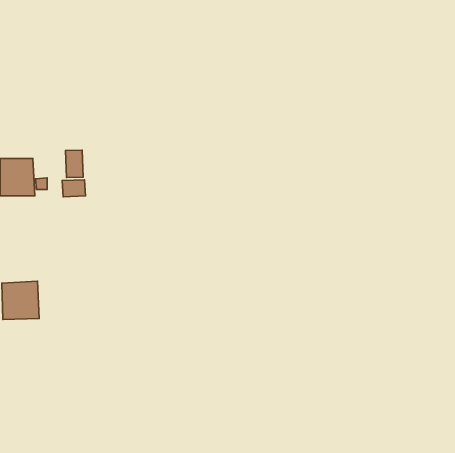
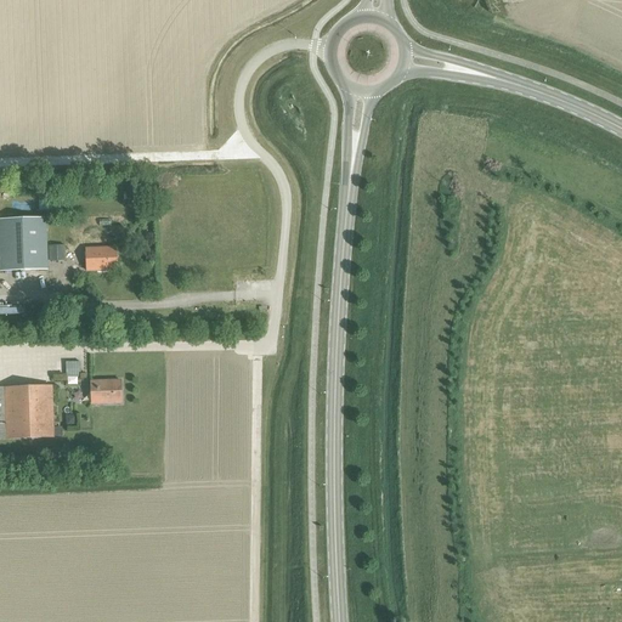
building: [65,150,83,178] -> none
building: none -> [90,378,120,402]

